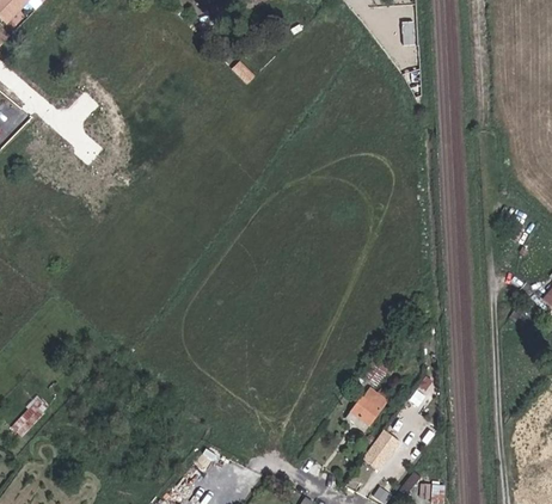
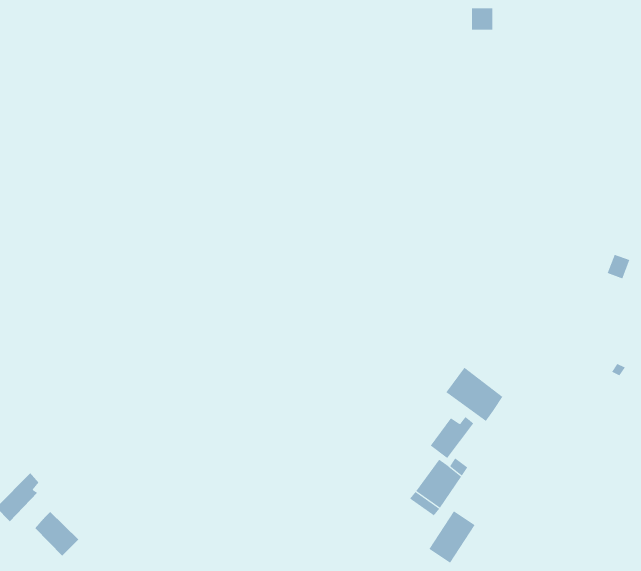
building: none -> [445,367,503,422]
building: none -> [35,511,79,556]

